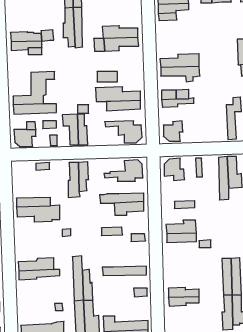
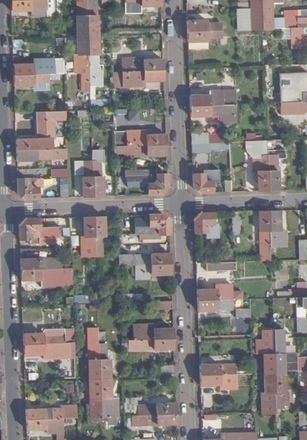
building: none -> [247,140,270,190]
building: none -> [19,218,60,244]
building: none -> [134,324,174,340]

